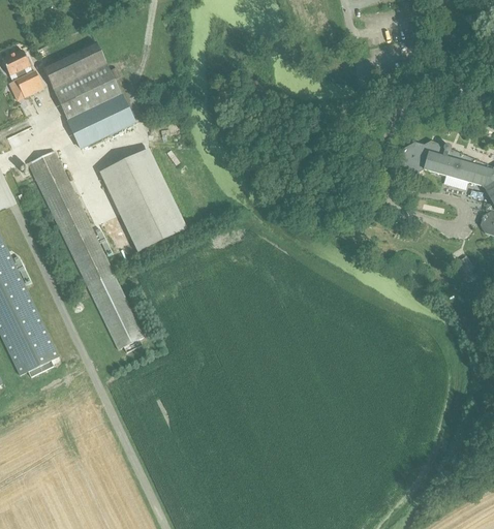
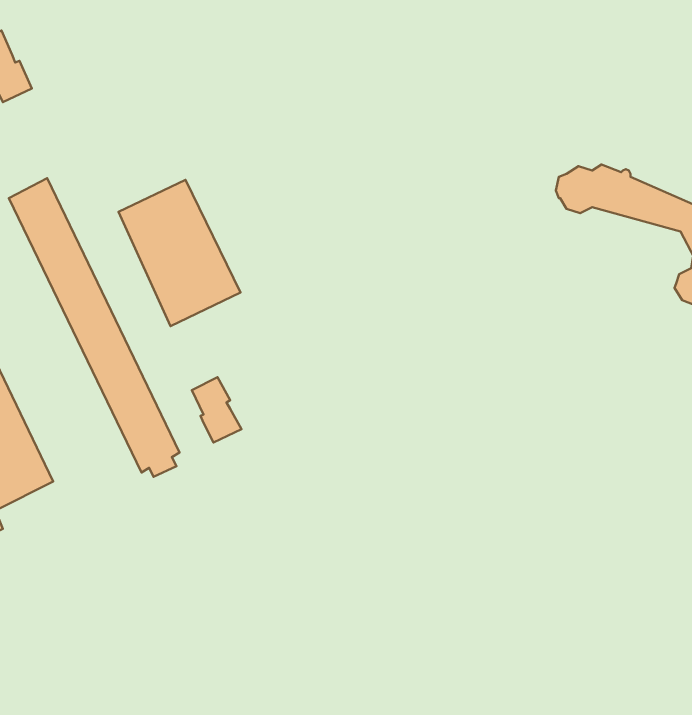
building: [42,41,134,148] -> none
building: none -> [192,377,241,443]

